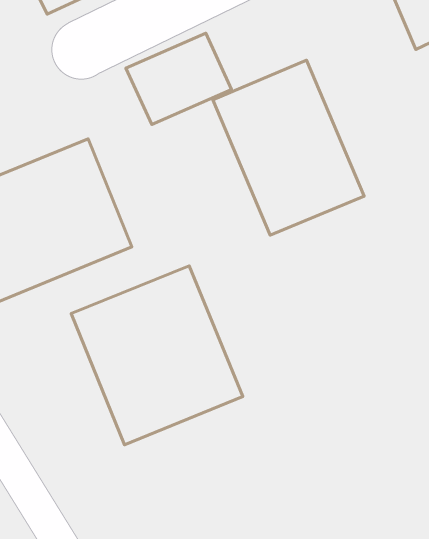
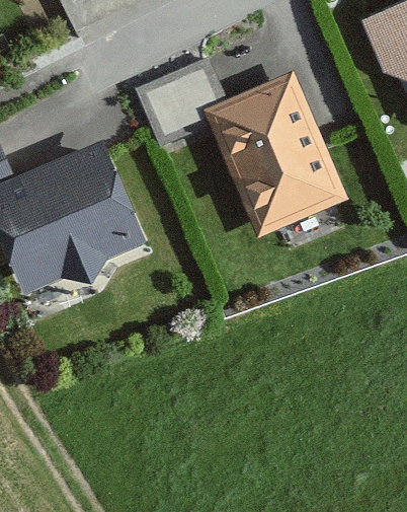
building: [71,266,243,445] -> none

